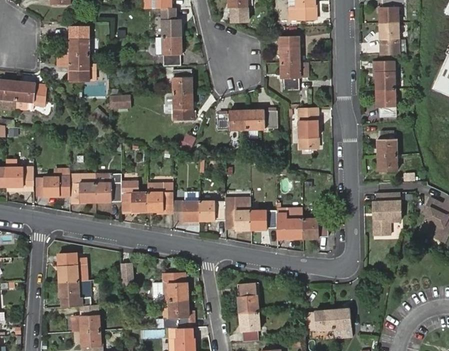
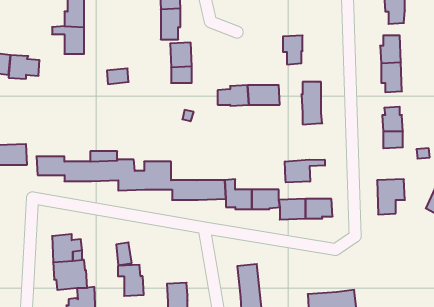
building: [280,37,300,63] -> none
building: none -> [285,160,325,182]
building: [163,272,188,302] -> [118,265,144,296]

